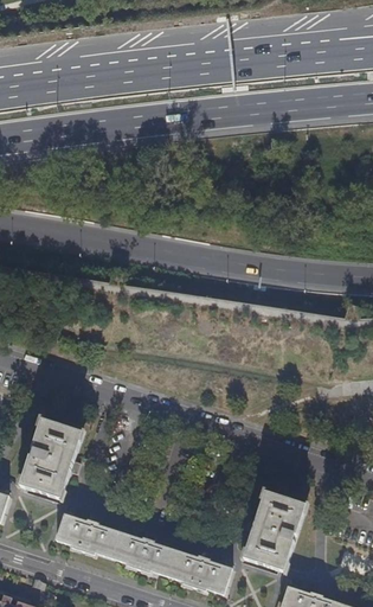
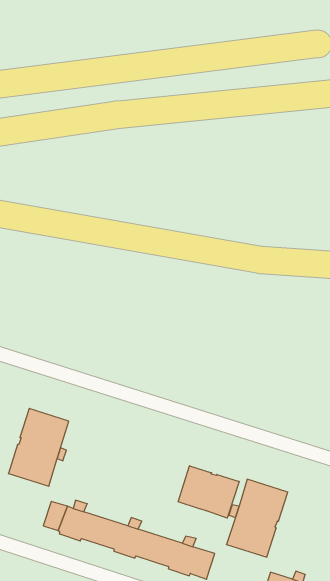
building: none -> [178,466,239,518]

